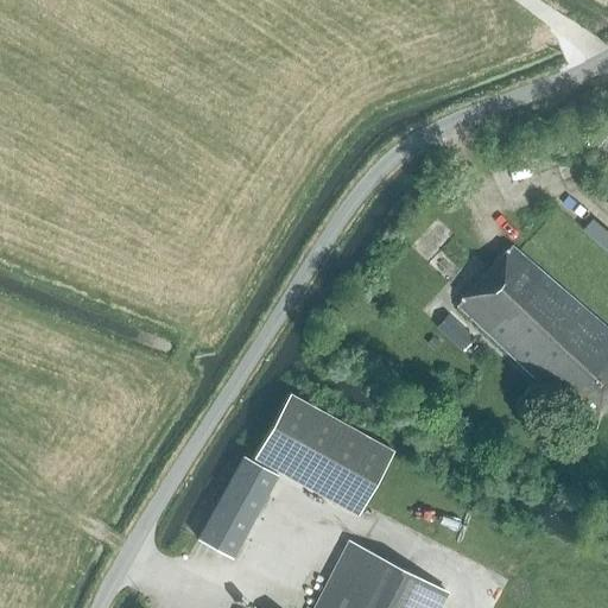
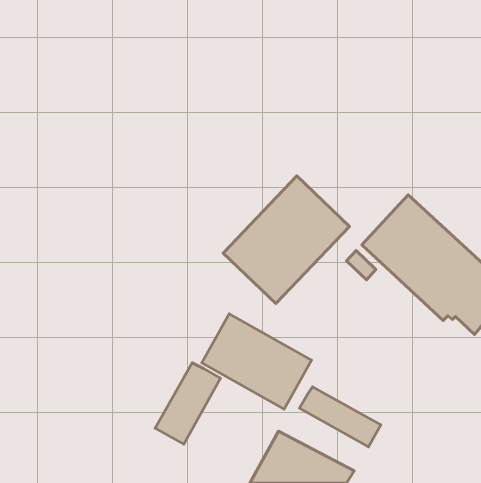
building: none -> [223,176,349,304]
building: none -> [300,387,381,447]

